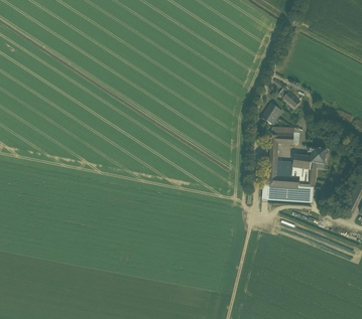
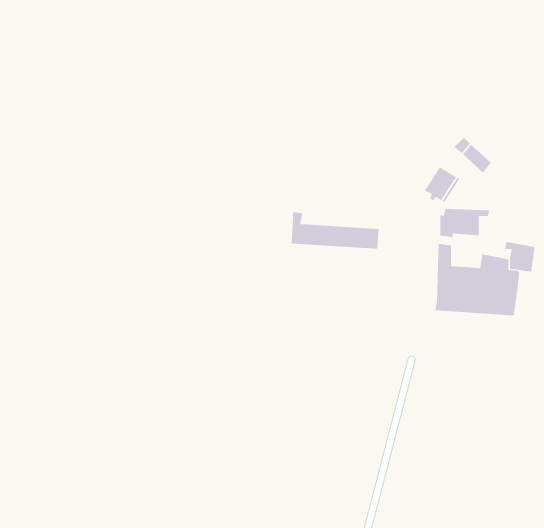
building: [262,180,314,202] -> [291,211,380,249]

